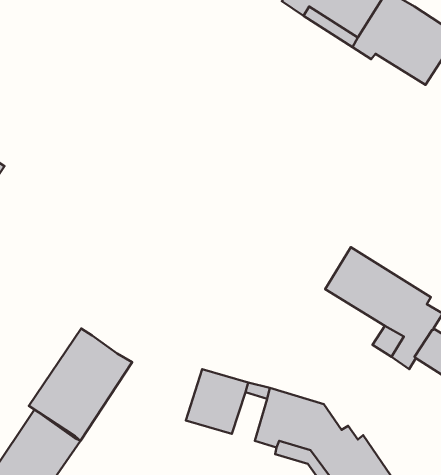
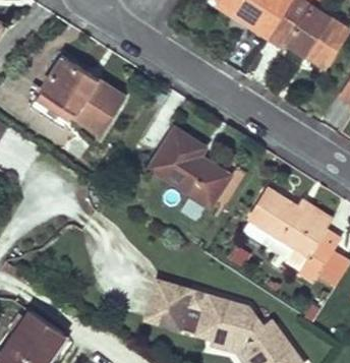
building: none -> [30,57,125,134]
building: none -> [151,129,229,205]
building: [29,329,132,441] -> none

